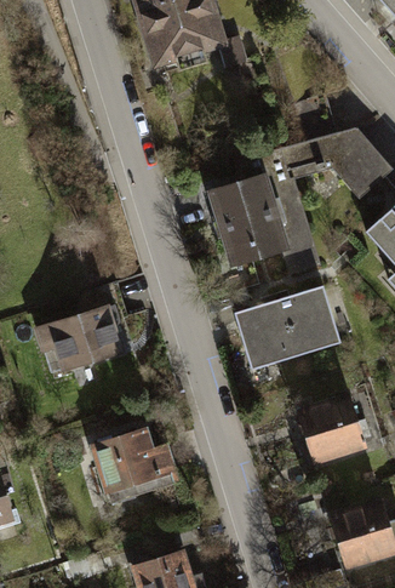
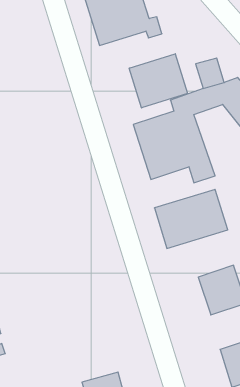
building: none -> [129,54,188,108]
building: [33,298,134,376] -> none
building: [90,428,177,499] -> none

